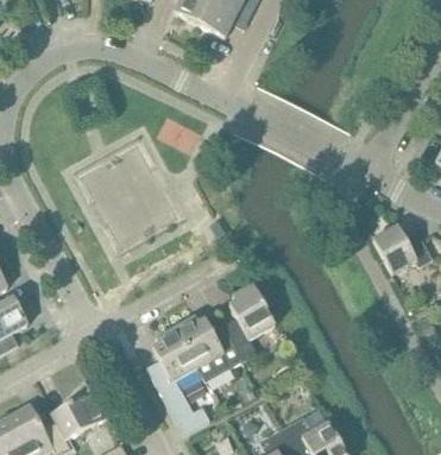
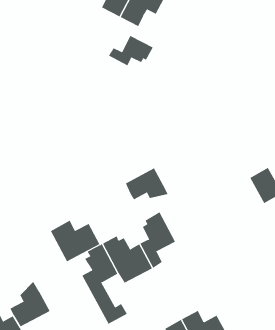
building: none -> [108,35,154,66]
building: none -> [125,167,168,200]
building: none -> [50,220,100,262]

